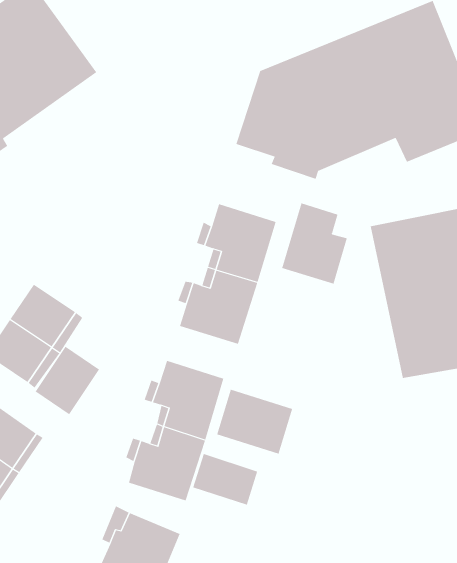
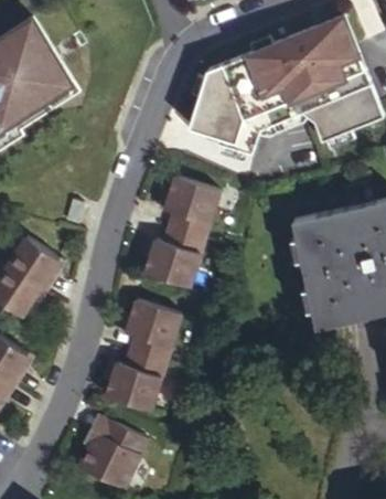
building: [282,203,347,285] -> none
building: [35,346,100,415] -> none
building: [216,389,293,455] -> none
building: [193,453,258,506] -> none

